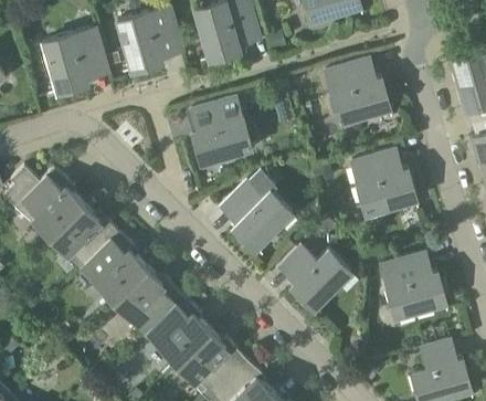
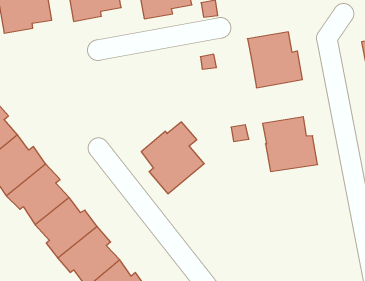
building: [191,98,251,172] -> none
building: [279,247,351,310] -> none
building: [381,254,446,319] -> none

